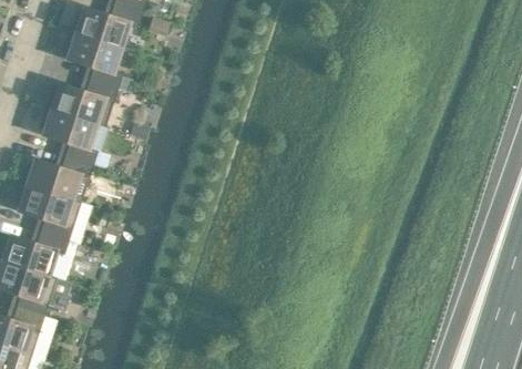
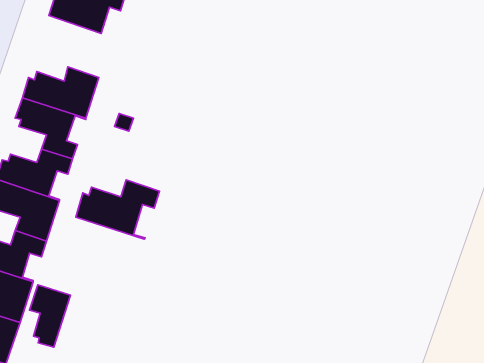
building: [63,32,121,90] -> none
building: none -> [76,180,159,239]
building: none -> [30,285,70,347]

